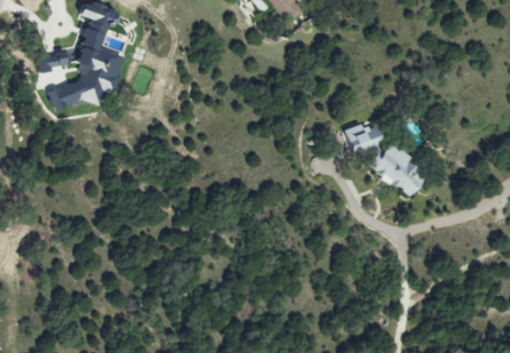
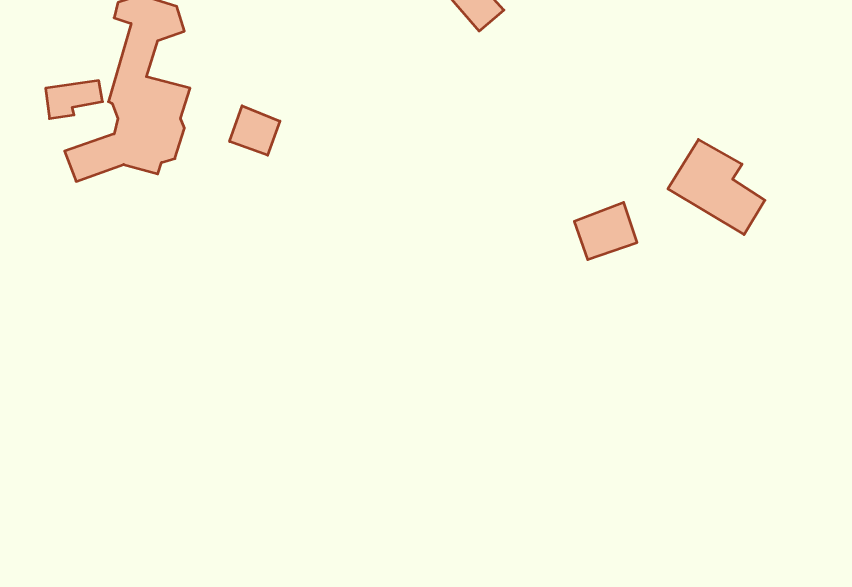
building: none -> [230,106,280,155]
building: [369,141,425,196] -> [668,139,765,235]

